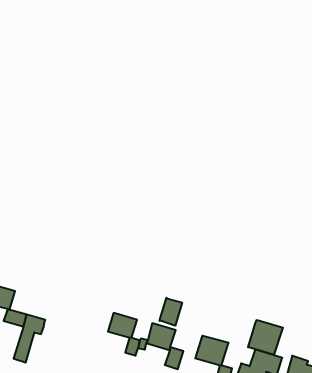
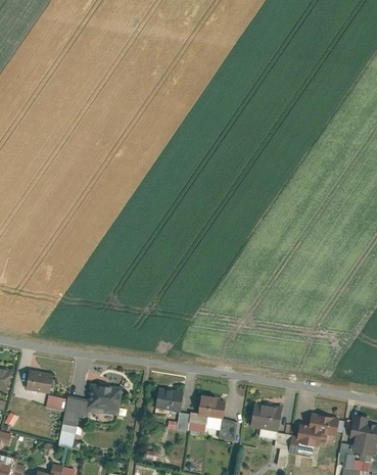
building: [160,298,182,326] -> none
building: none -> [86,384,121,417]
building: [248,320,283,355] -> none

